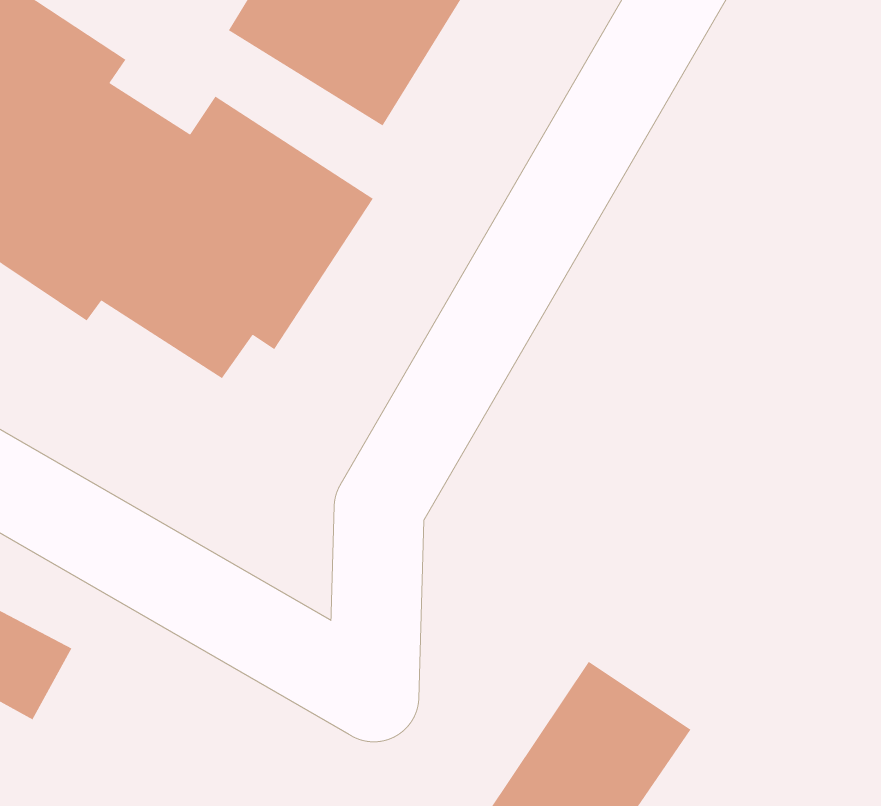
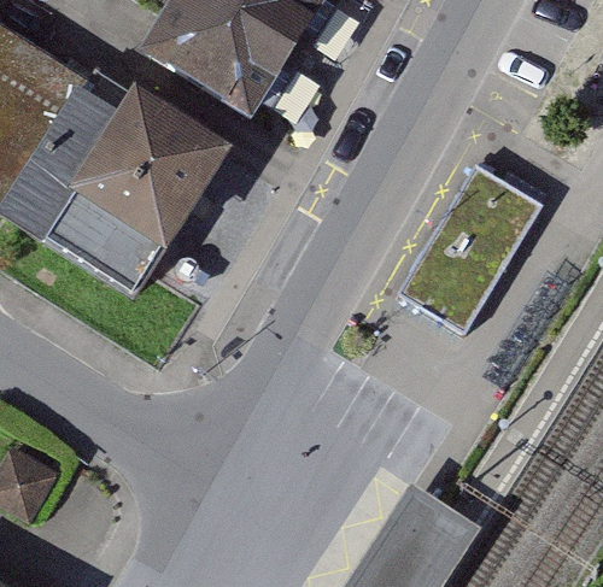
building: none -> [385,166,531,336]

